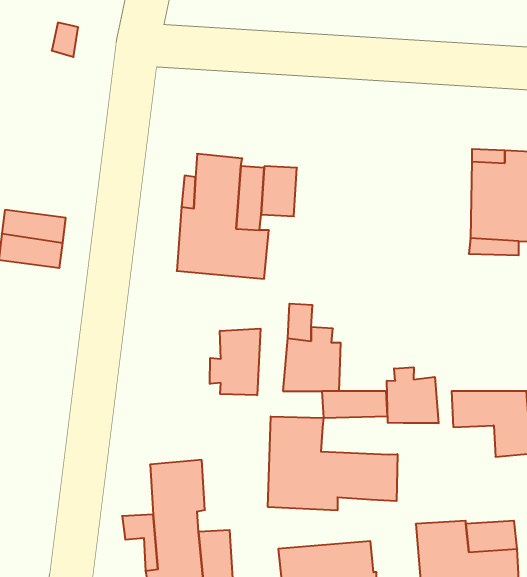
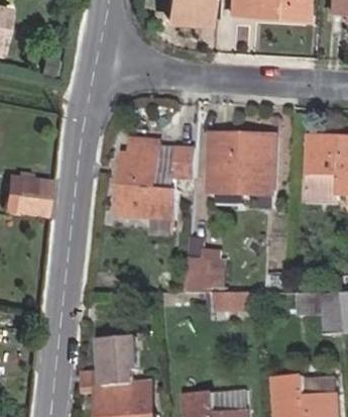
building: none -> [213,134,277,209]
building: [210,329,261,395] -> none
building: [387,367,439,423] -> none
building: [268,416,397,510] -> none

